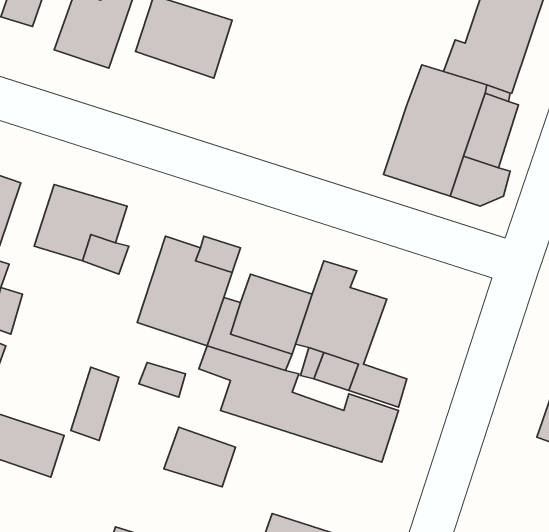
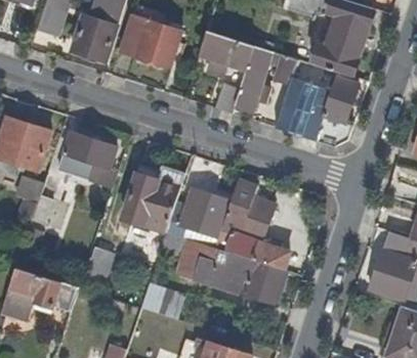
building: none -> [199,29,298,113]

